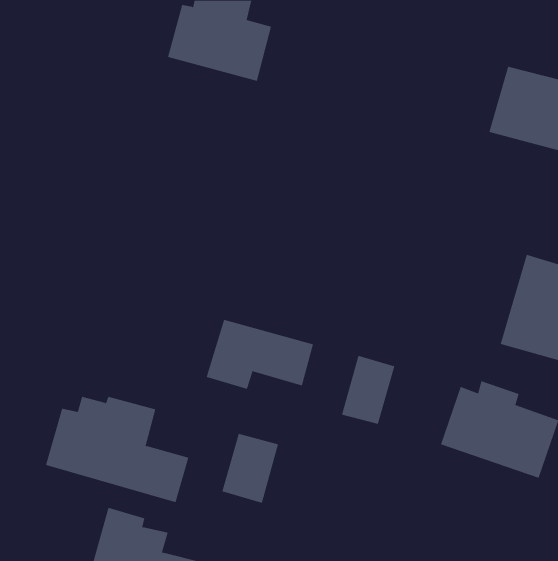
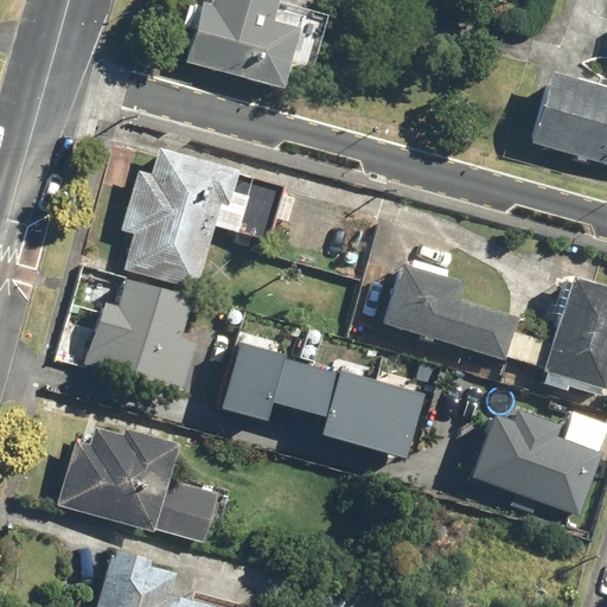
building: none -> [117,151,287,288]
building: none -> [385,266,519,359]
building: none -> [84,279,190,390]
building: [222,433,279,504] -> [328,372,390,448]

